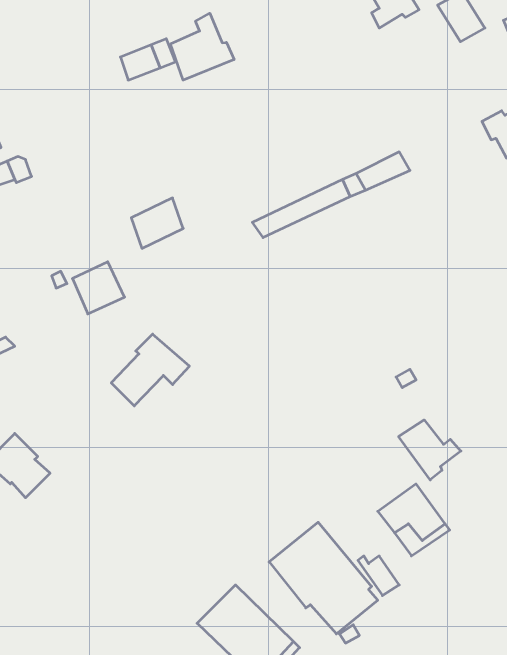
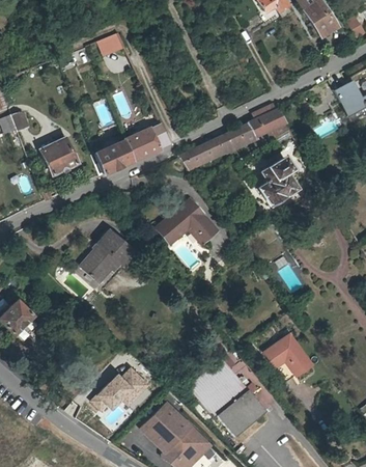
building: [171,13,234,80] -> none
building: none -> [123,123,169,161]
building: none -> [257,158,295,205]
building: [72,262,125,314] -> [41,139,77,174]
building: none -> [154,200,215,244]
building: [399,420,461,480] -> none
building: none -> [89,366,150,412]

